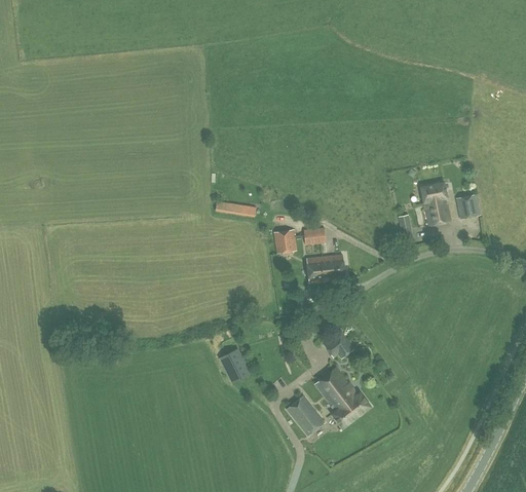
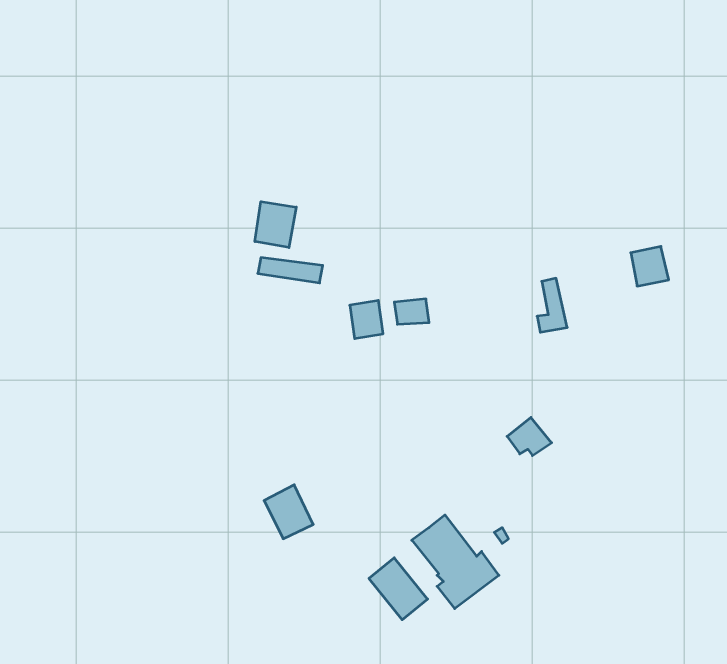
building: none -> [255,202,296,248]
building: [420,181,451,225] -> none
building: [306,254,345,282] -> none
building: [325,332,353,356] -> [507,417,552,456]

